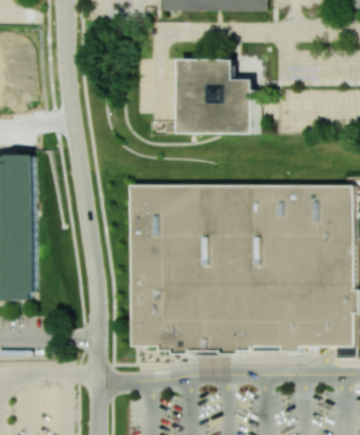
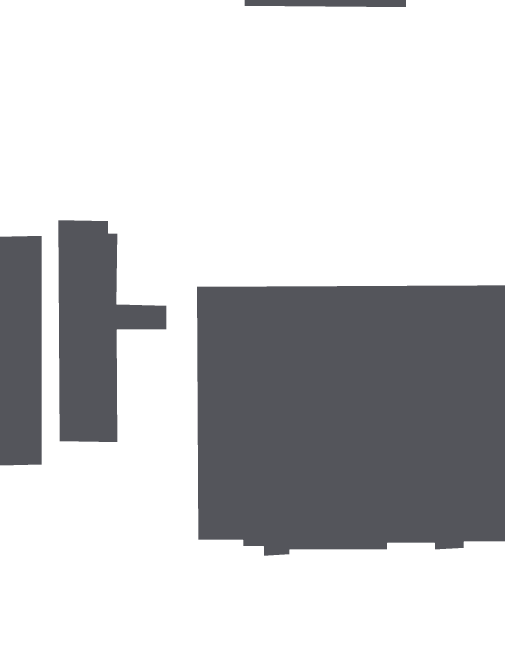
building: [181,58,255,132] -> none
building: none -> [58,219,167,443]

